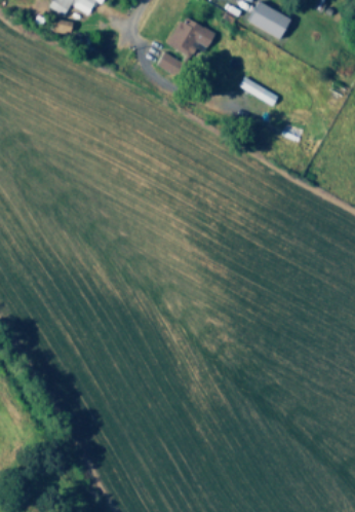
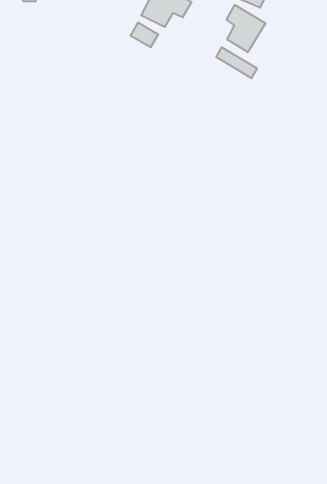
building: none -> [227,5,265,52]

